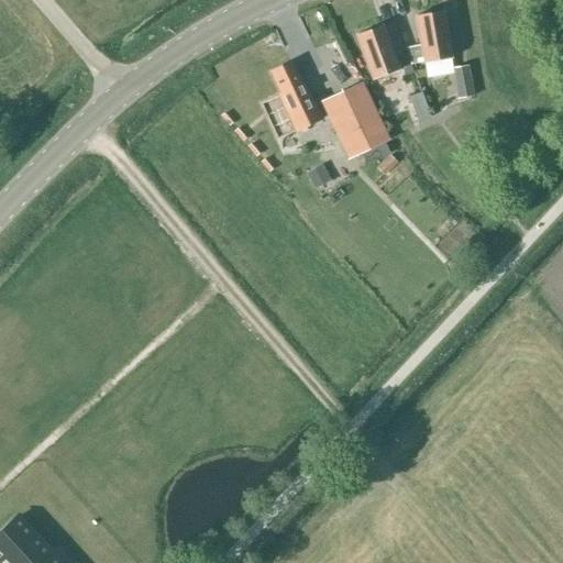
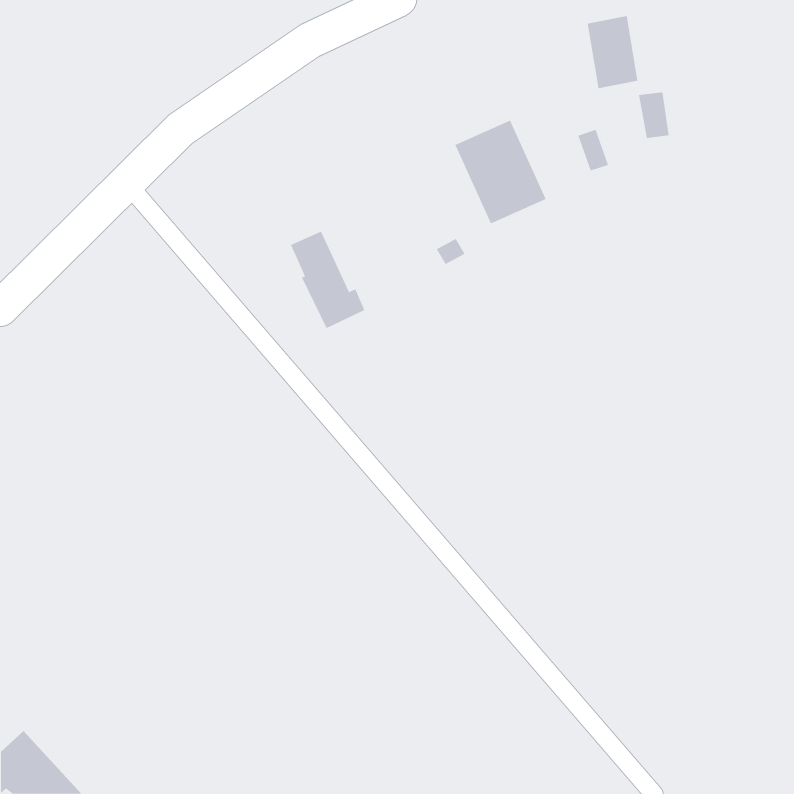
building: [356,25,399,79] -> none
building: [271,62,323,131] -> [290,231,365,329]

